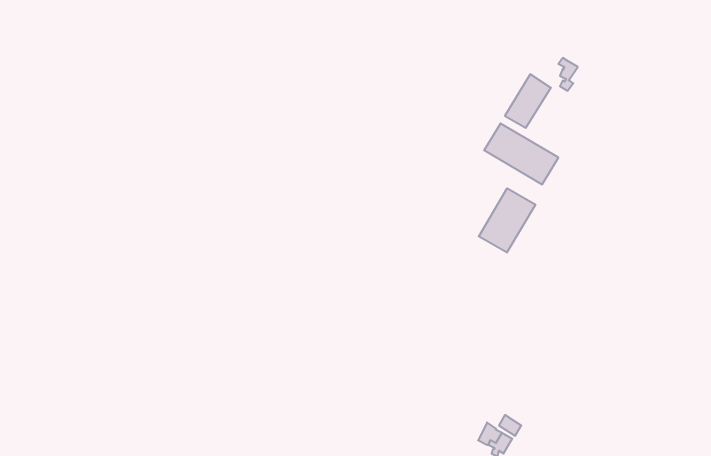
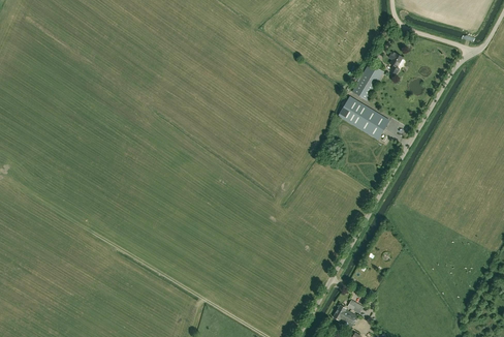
building: [479,188,535,253] -> none

